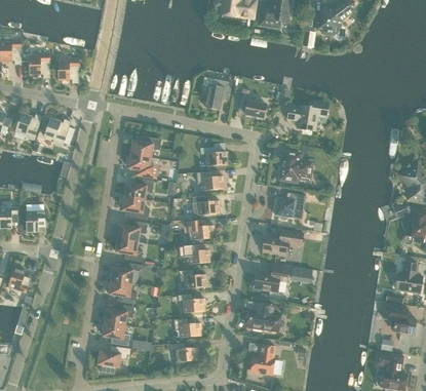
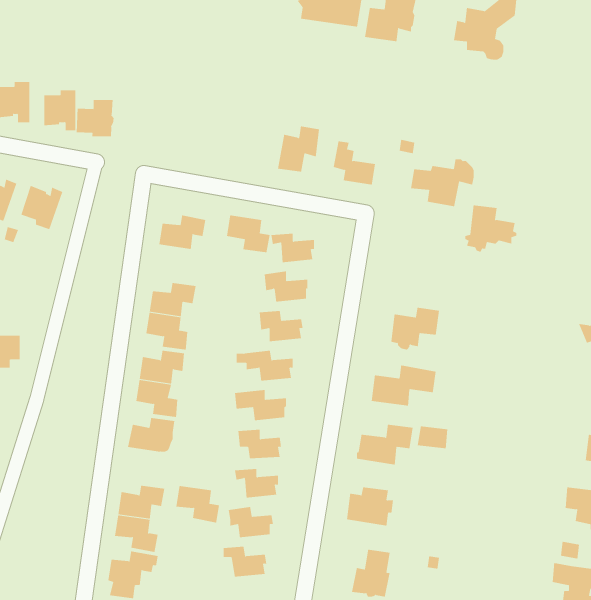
building: none -> [76,99,114,137]
building: [278,152,311,182] -> [464,205,517,252]
building: [127,154,155,178] -> [226,215,270,253]
building: [108,280,135,304] -> [176,485,220,523]

